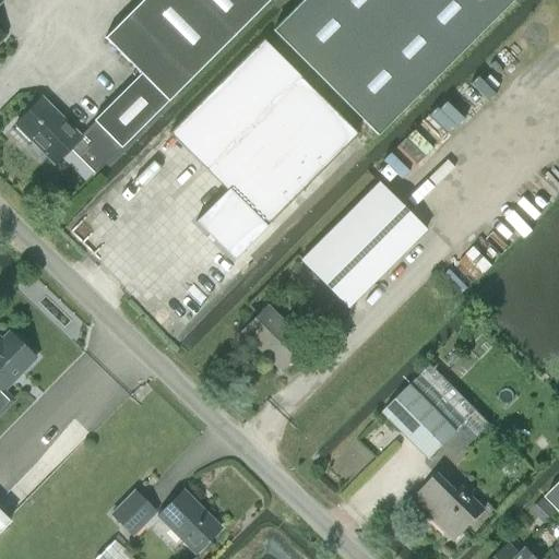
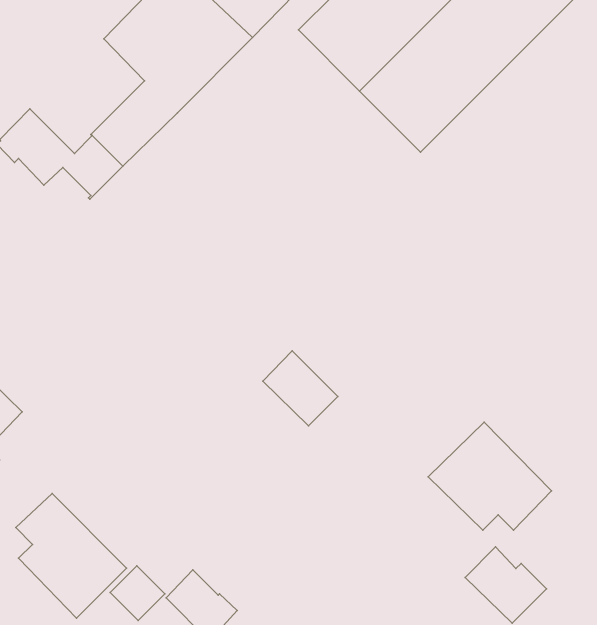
building: [170,38,359,258] -> none
building: [301,181,427,307] -> none
building: none -> [16,494,127,618]

